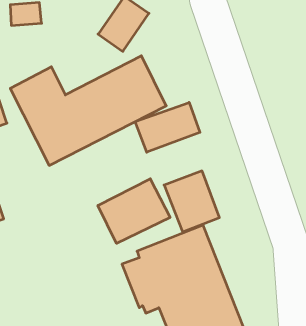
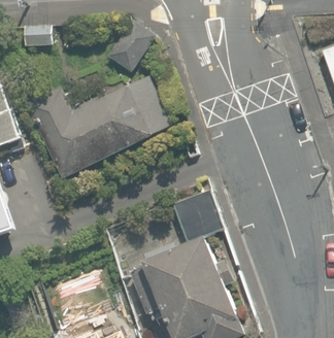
building: [135,102,200,152] -> none
building: [98,179,170,243] -> none

